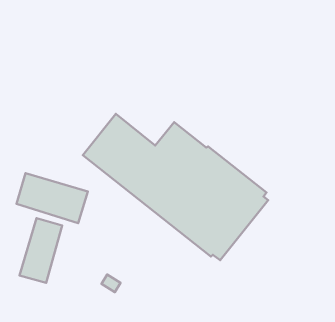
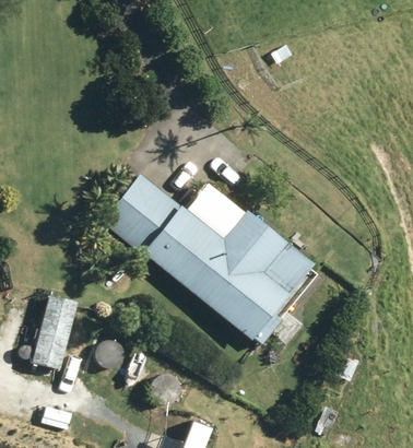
building: [16,173,88,223] -> none

